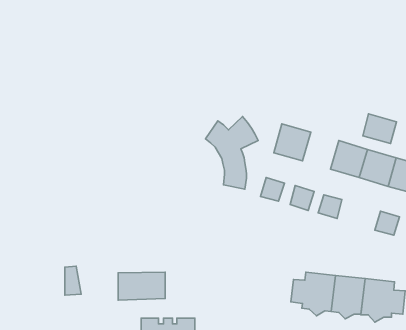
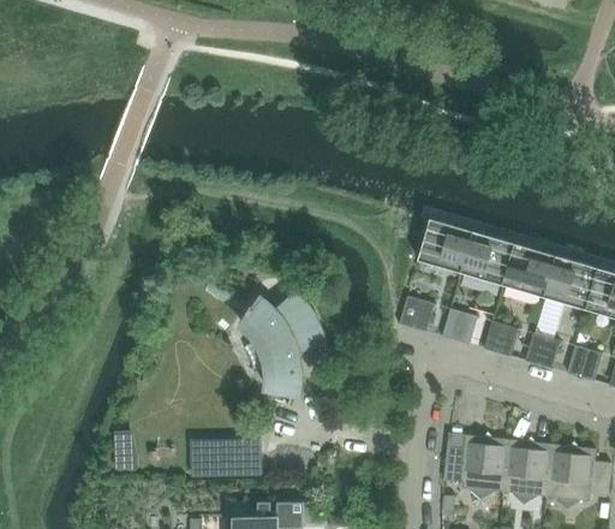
building: [363,114,397,144] -> none
building: [205,117,258,189] -> [241,292,318,398]
building: none -> [461,231,514,285]
building: none -> [526,334,561,369]

